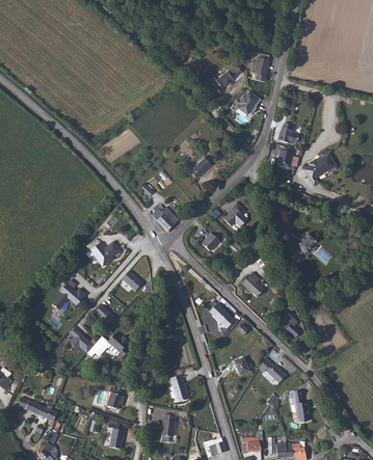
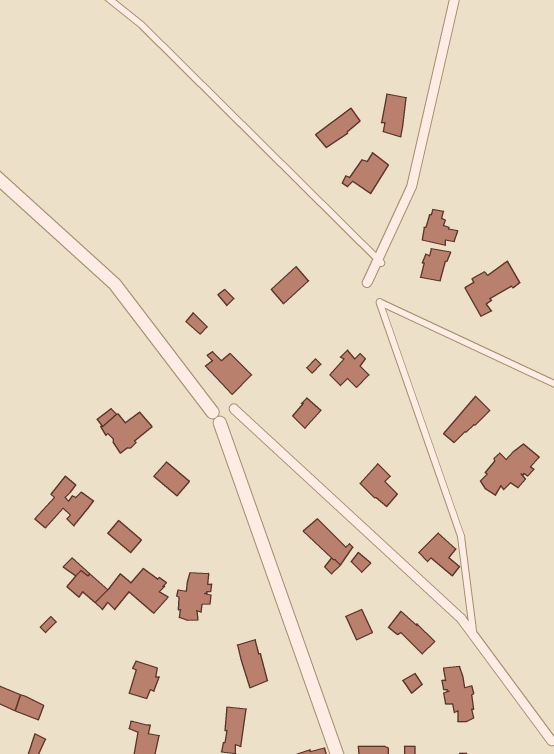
building: none -> [480,444,539,495]
building: none -> [177,573,212,620]

